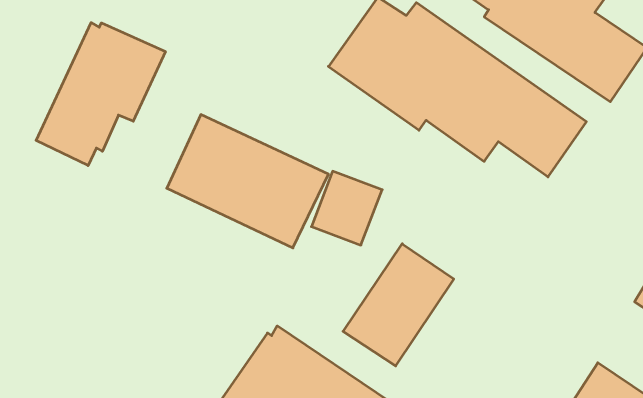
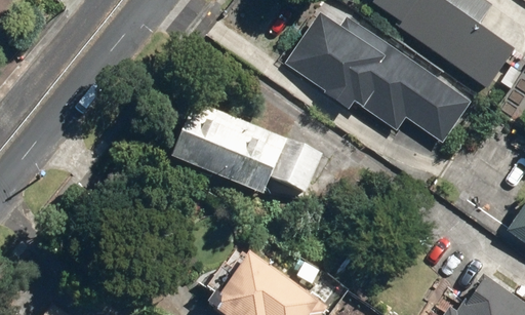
building: [36,23,165,166] -> none
building: [343,244,454,366] -> none

